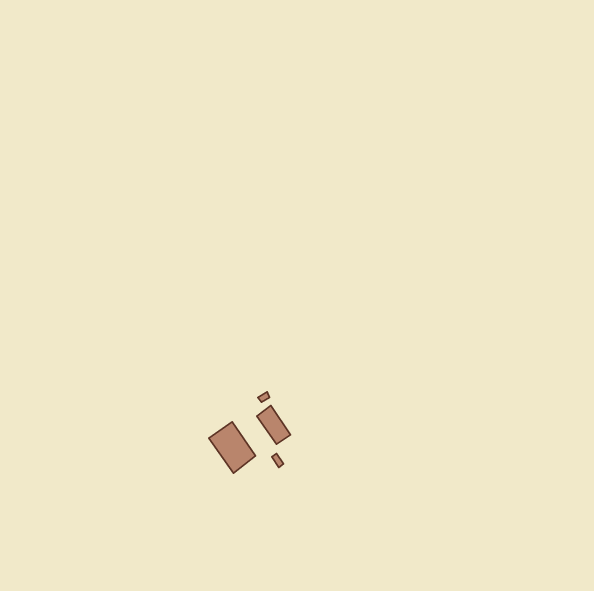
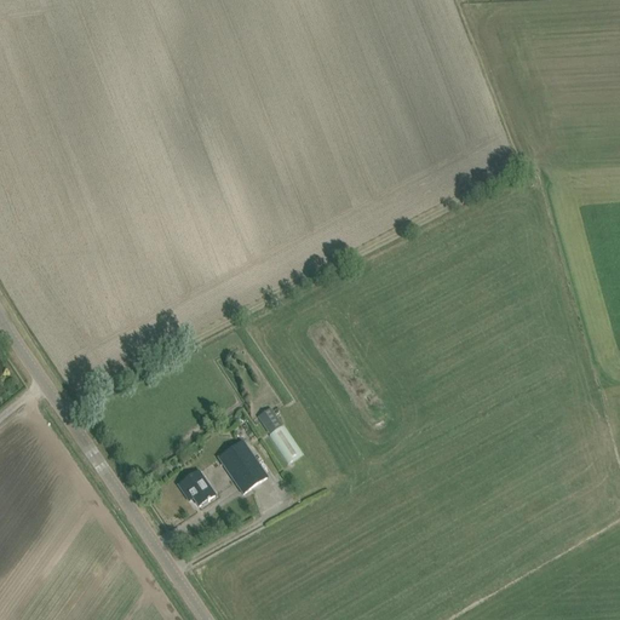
building: none -> [177,469,212,504]

